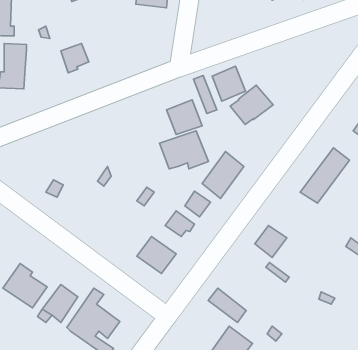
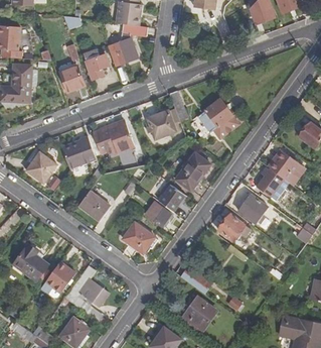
building: none -> [107,38,138,67]
building: none -> [83,48,108,78]
building: [212,66,245,101] -> none
building: none -> [60,135,96,167]
building: [159,131,208,169] -> [93,122,133,153]
building: none -> [26,152,56,184]
building: none -> [77,191,109,220]
building: none -> [238,195,267,223]

